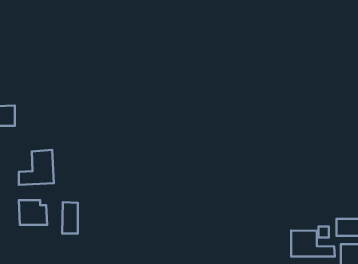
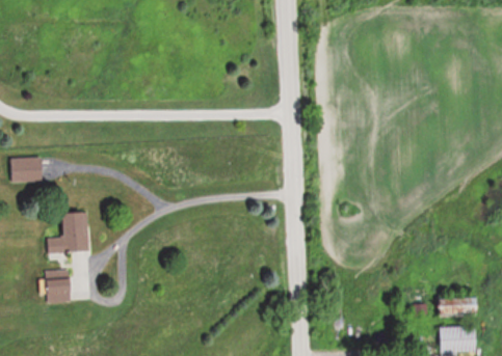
building: [62,202,78,233] -> none
building: [291,230,335,257] -> none

